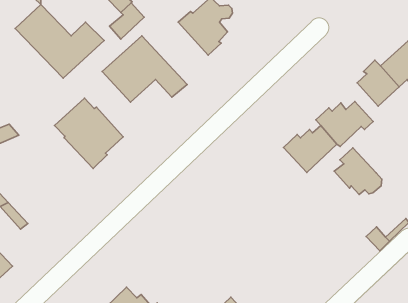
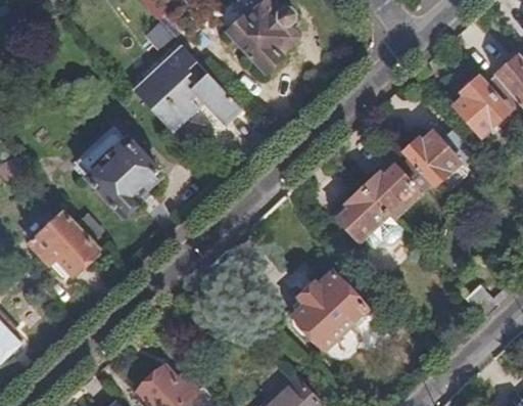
building: [15,4,104,78] -> none
building: [334,148,382,195] -> [337,187,397,246]
building: none -> [28,210,97,272]
building: none -> [291,270,368,359]

